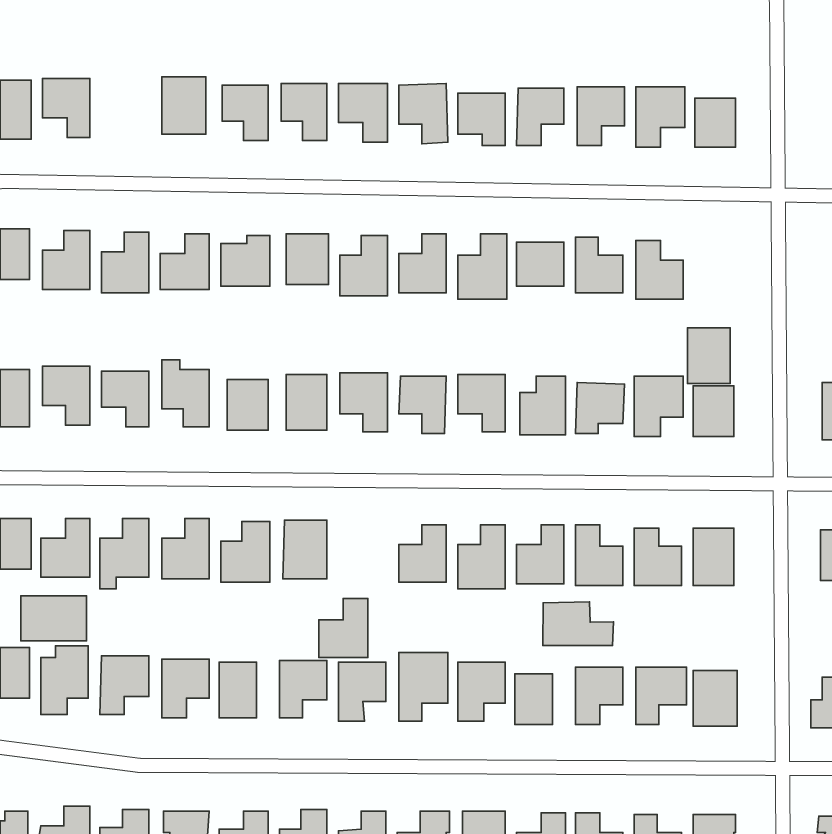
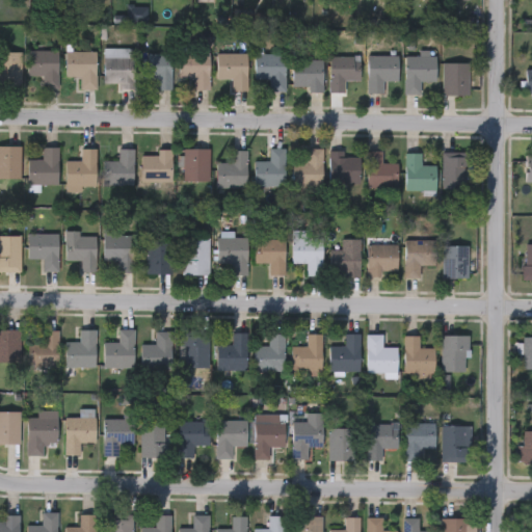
building: none -> [66,52,98,88]
building: [688,328,730,383] -> [443,154,470,189]
building: [21,596,86,641] -> none
building: [319,599,368,657] -> [217,334,248,371]
building: [543,602,613,645] -> none

